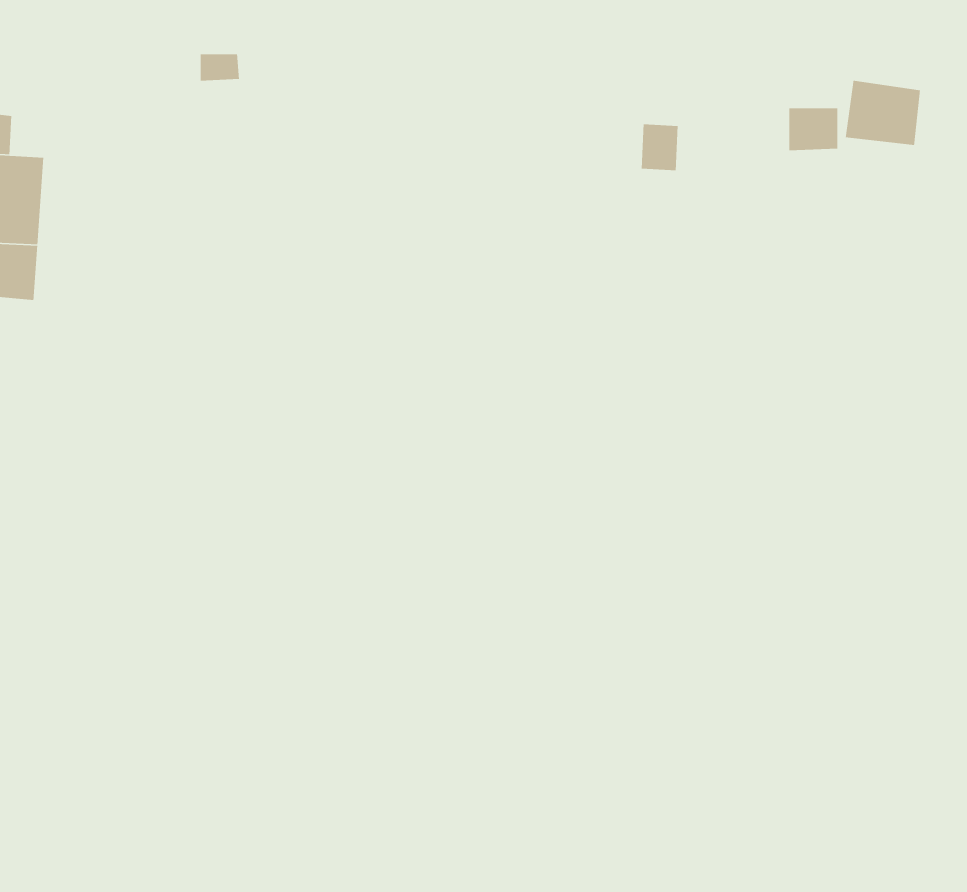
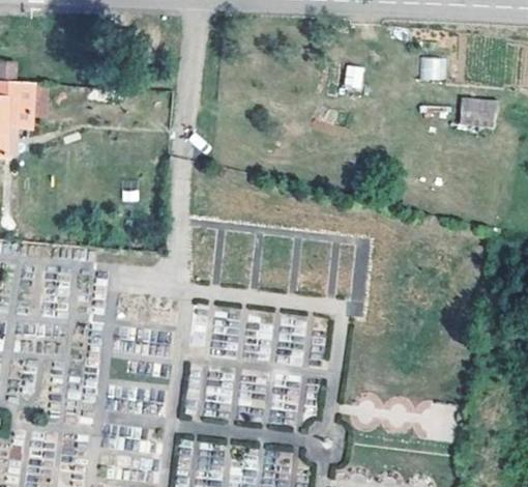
building: [845,80,921,146] -> [457,95,496,130]

